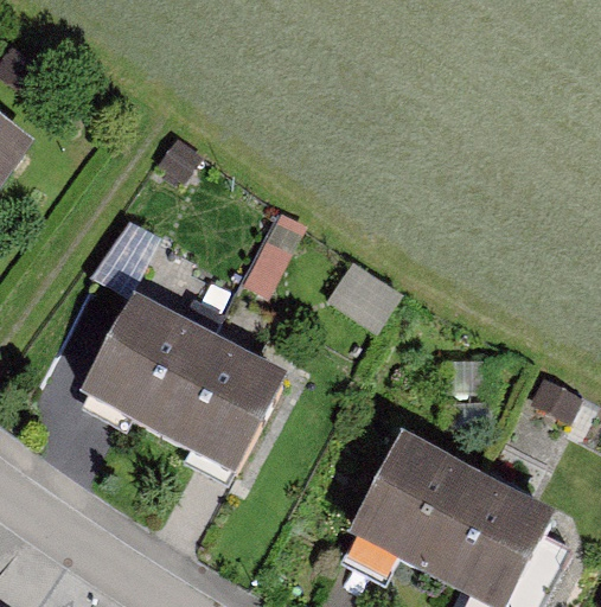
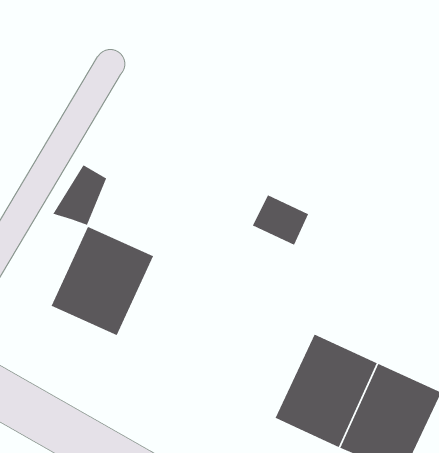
building: [159,331,283,466] -> none

